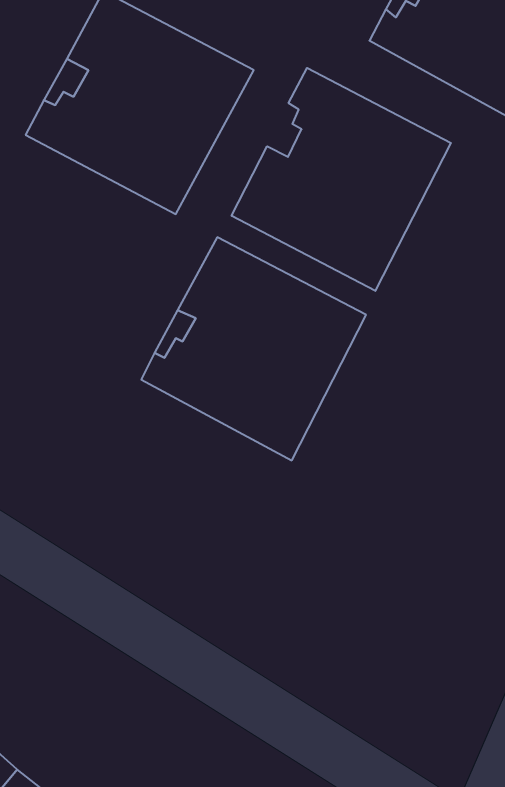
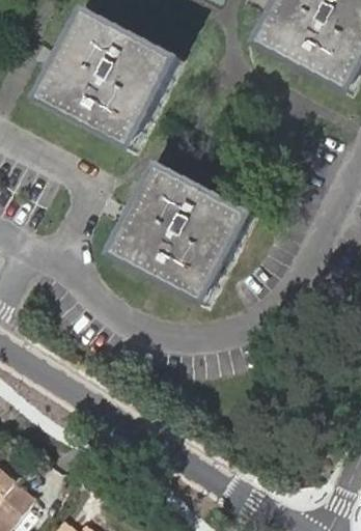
building: [232,68,451,291] -> none

